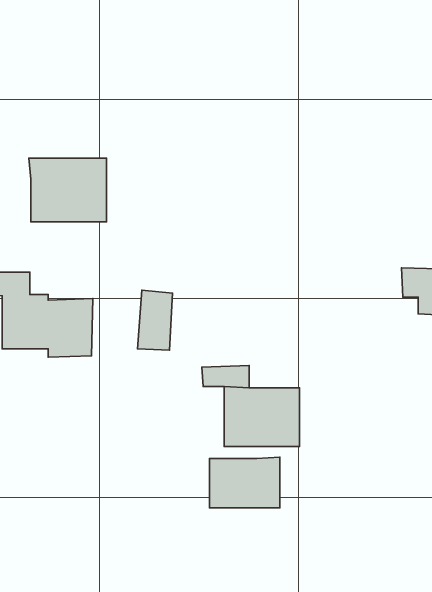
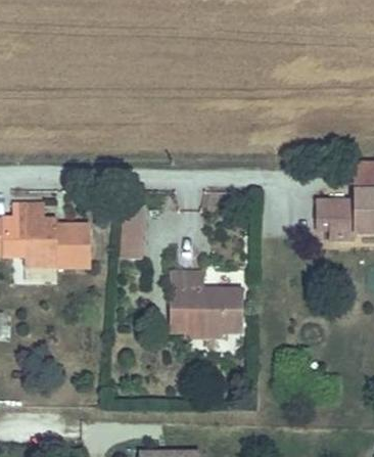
building: [29,158,106,222] -> none
building: [209,457,280,508] -> none

